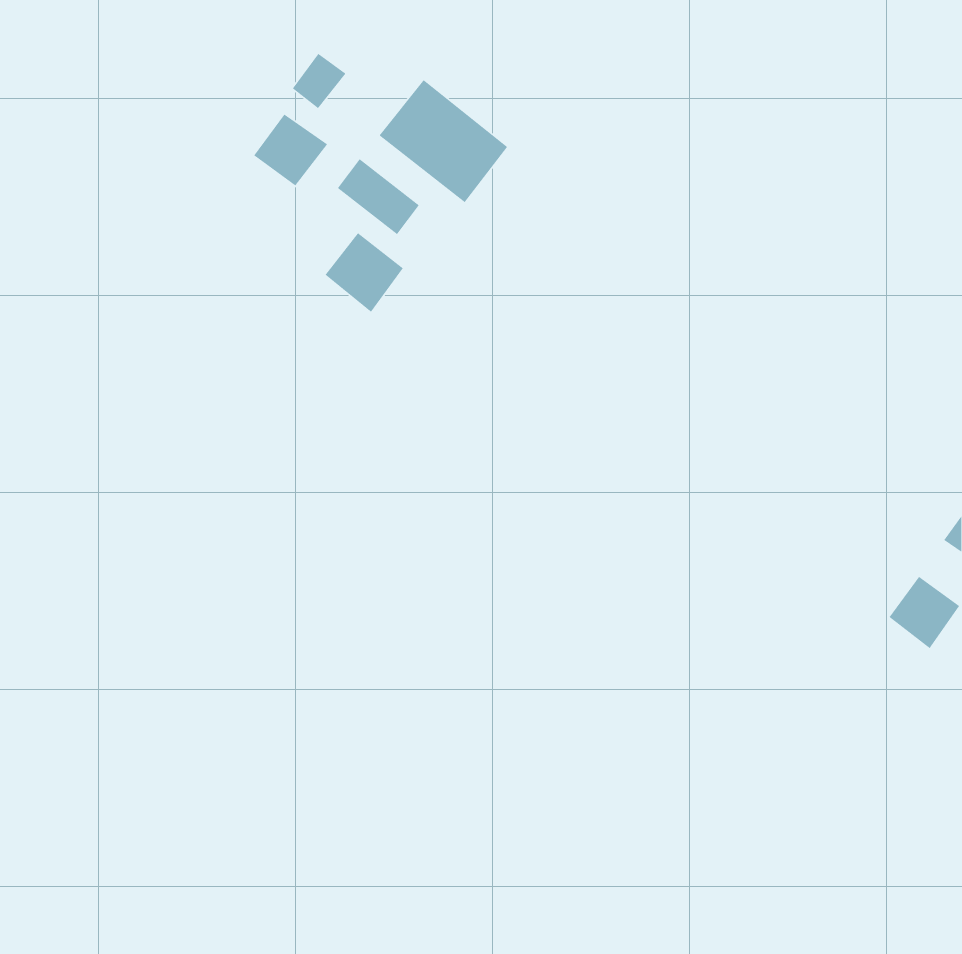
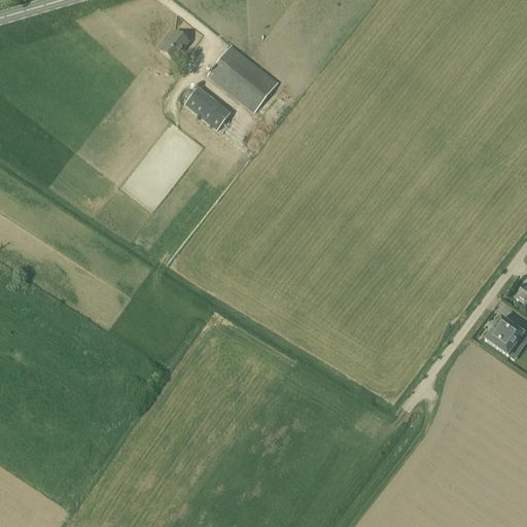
building: [253,114,328,187] -> none
building: [325,232,404,313] -> none

